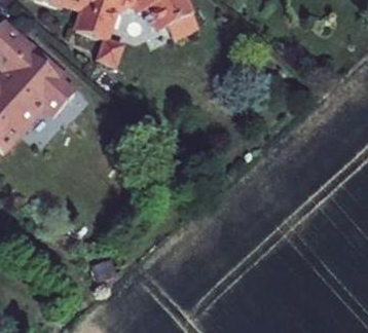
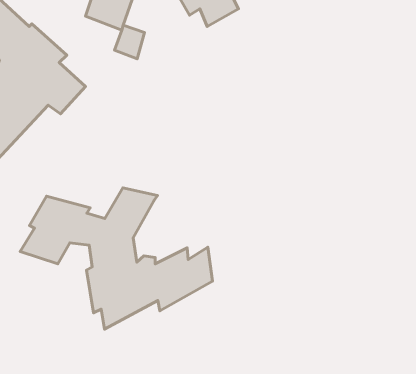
building: none -> [20,188,213,329]

